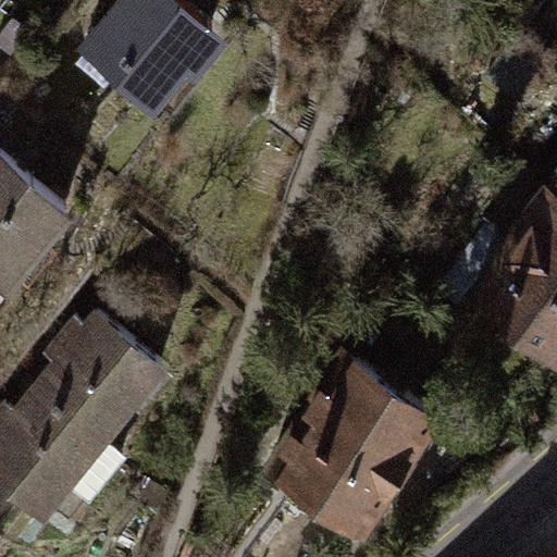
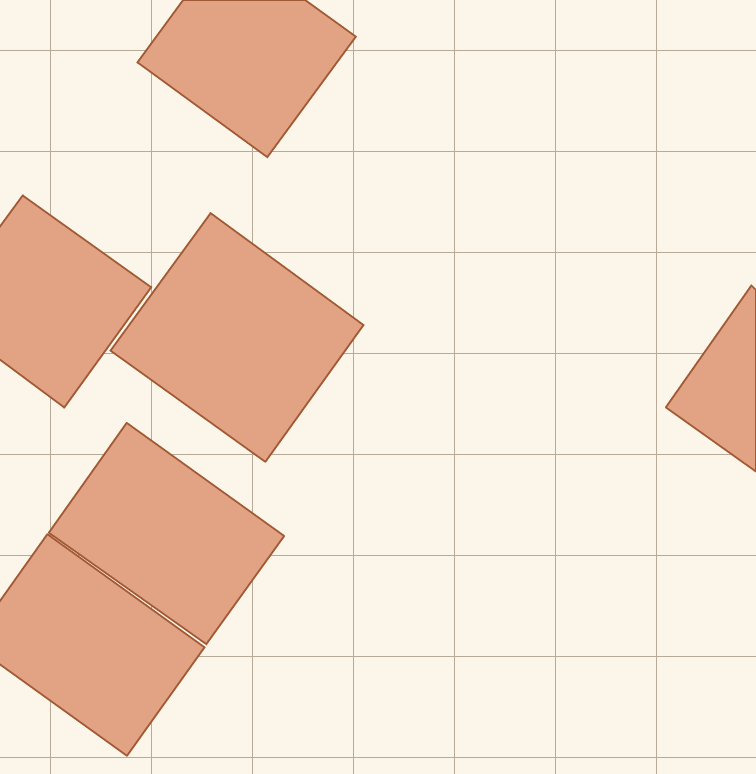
building: none -> [110,213,364,462]
building: [289,357,448,536] -> none

